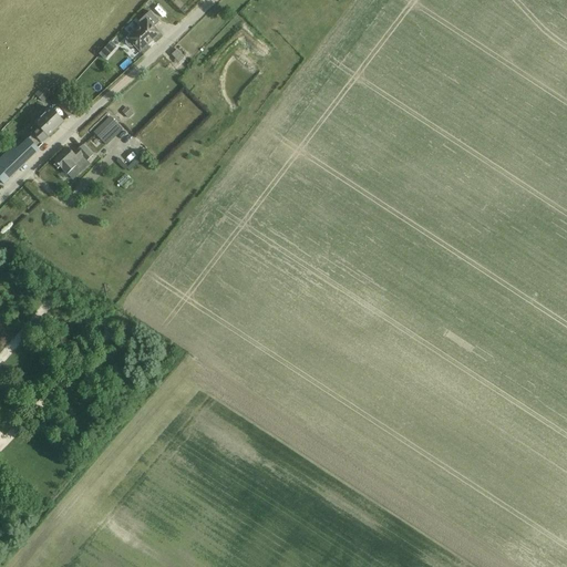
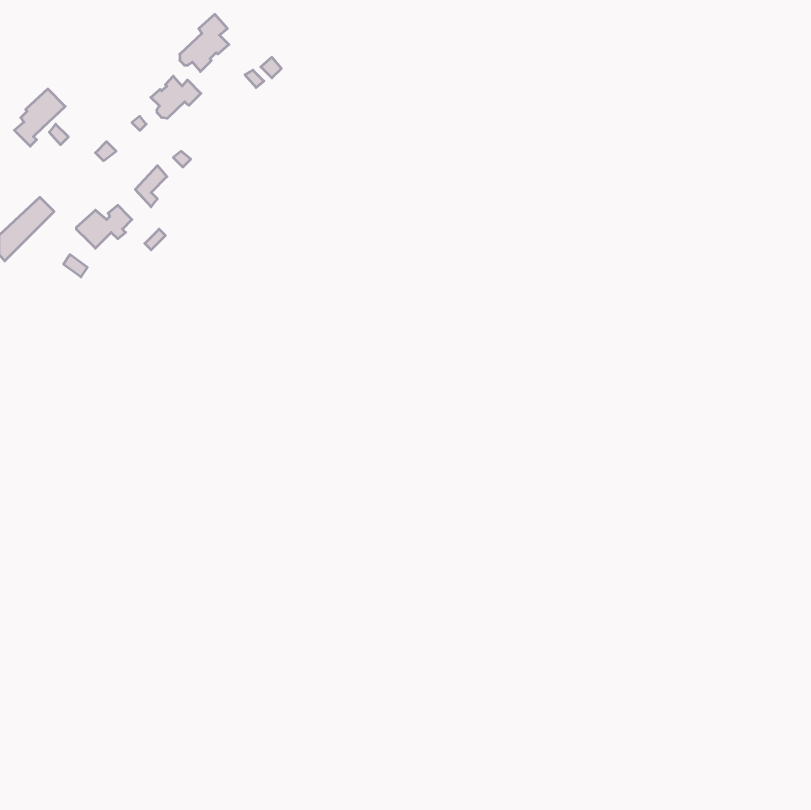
building: none -> [151,76,201,118]
building: [27,107,62,147] -> [14,89,65,146]

